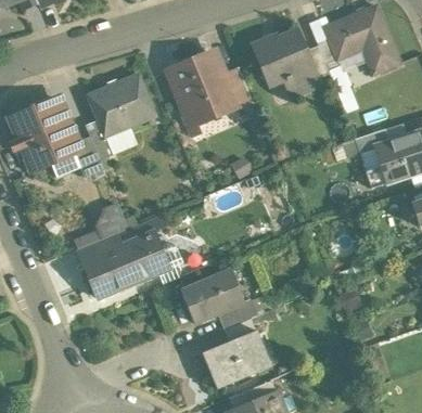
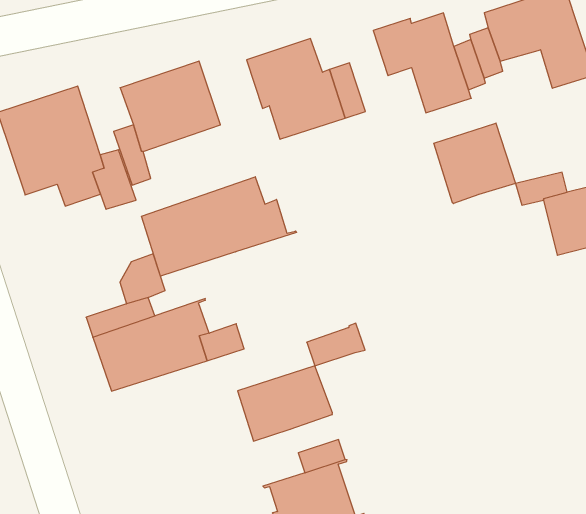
building: none -> [434,123,515,204]
building: none -> [141,177,297,276]
building: [217,297,256,327] -> [307,323,365,366]

